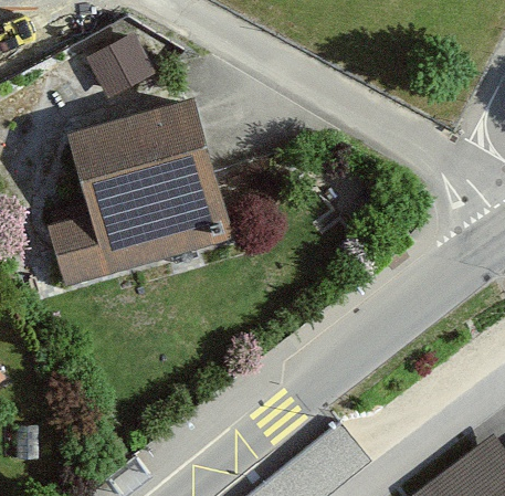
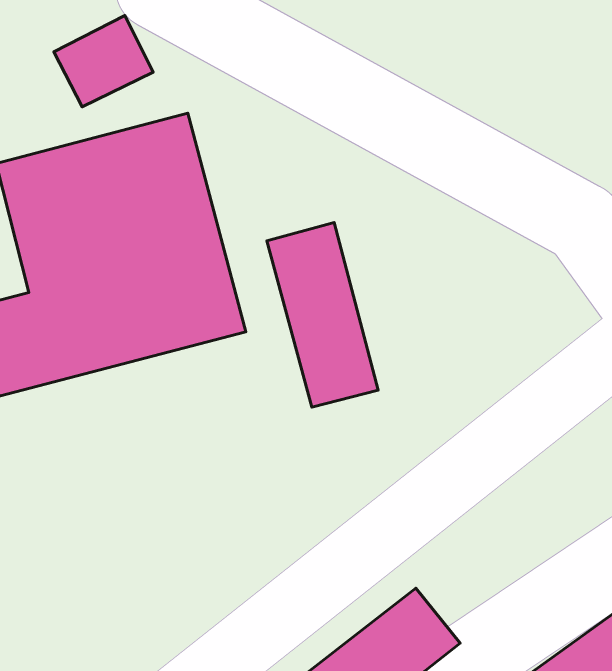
building: none -> [267,223,378,407]

